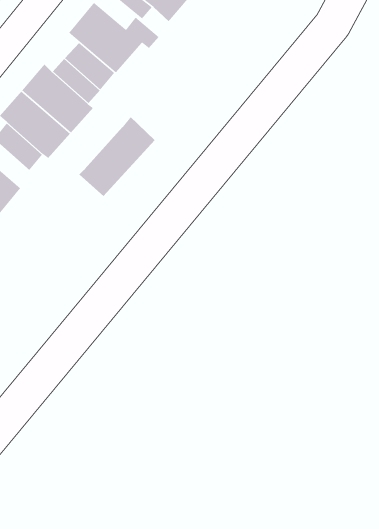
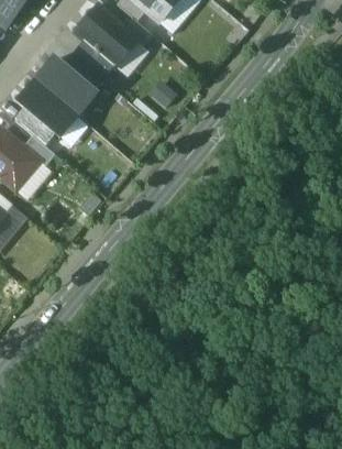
building: [78,116,156,197] -> none

